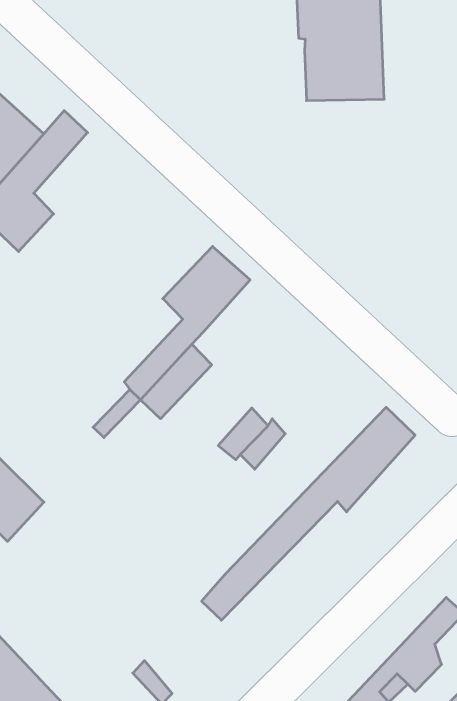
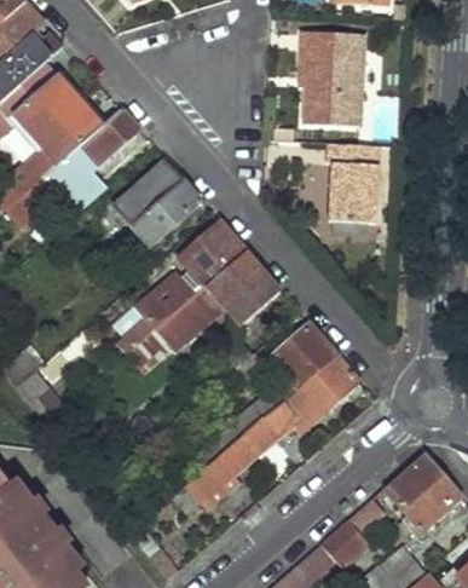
building: none -> [329,142,379,225]
building: none -> [114,161,203,248]
building: none -> [208,250,282,327]
building: none -> [196,323,339,468]

